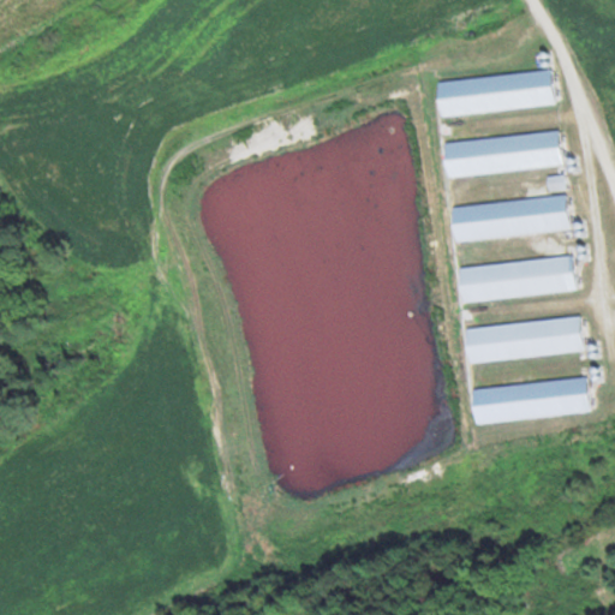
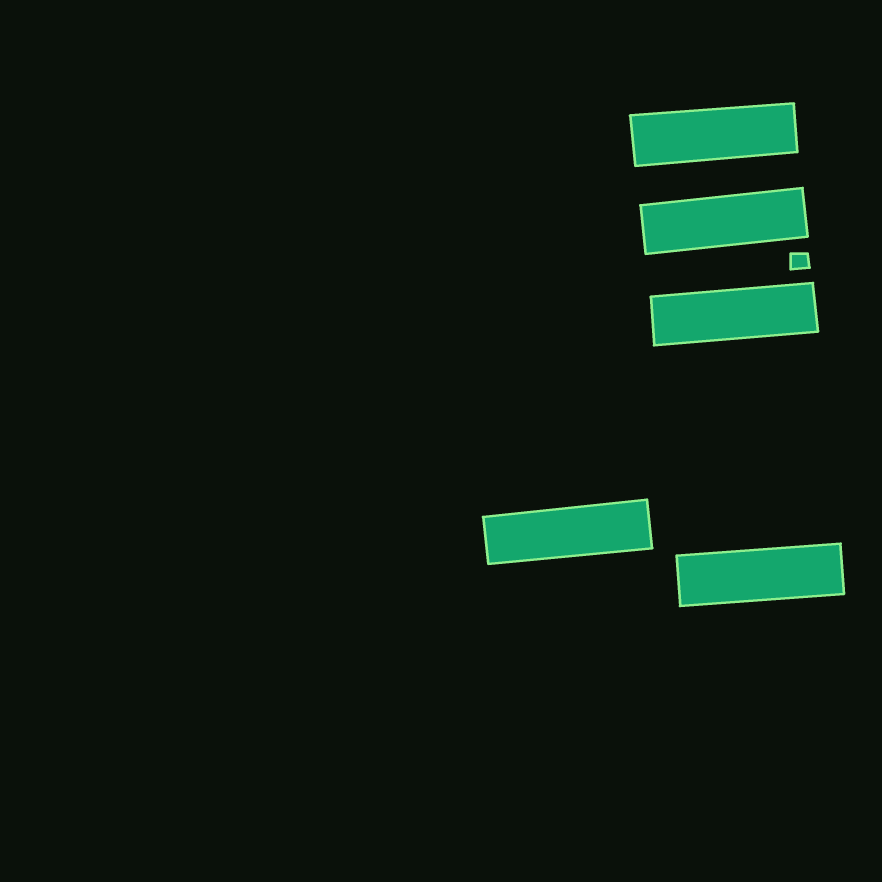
building: [458,257,575,301] -> none
building: [464,317,581,362] -> [483,500,652,564]

